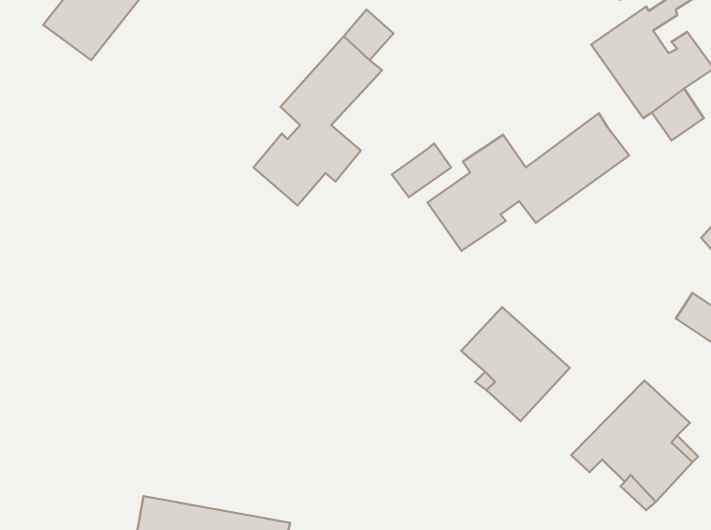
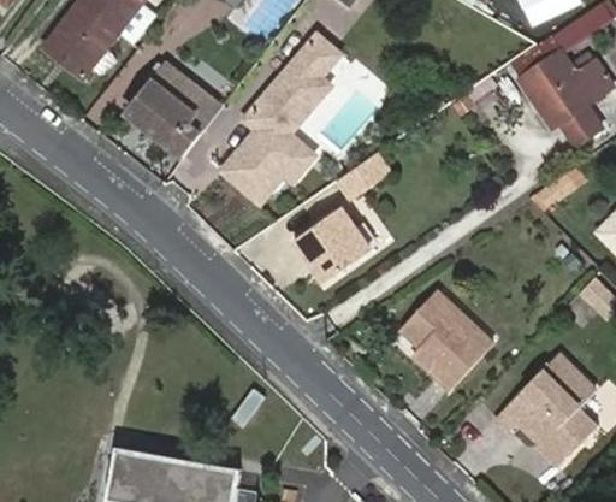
building: none -> [125,63,223,155]
building: [427,113,629,251] -> none
building: none -> [292,203,372,282]

